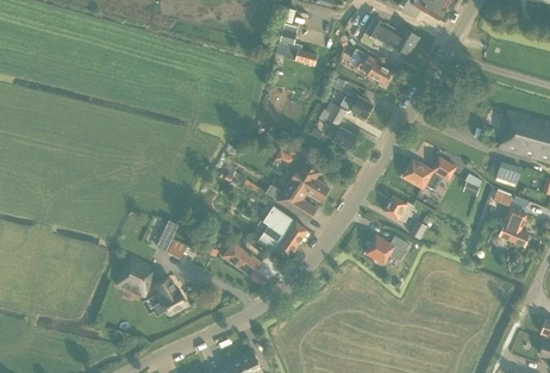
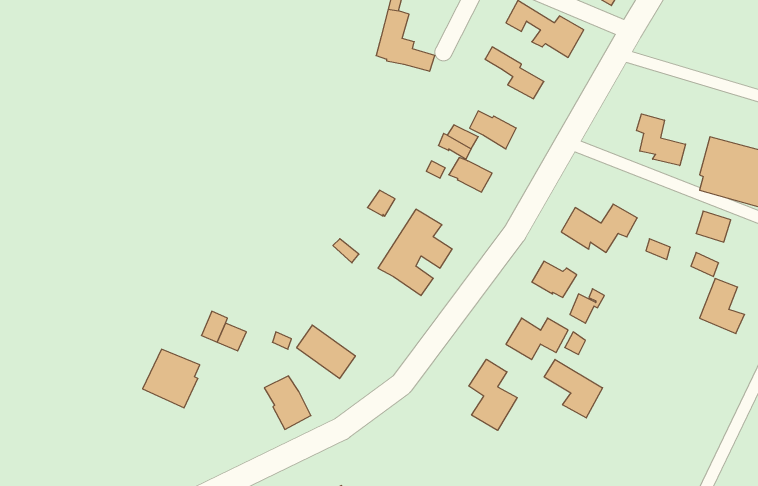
building: none -> [637,114,686,166]
building: [261,206,308,260] -> none
building: none -> [469,359,517,430]
building: none -> [544,359,603,418]
building: [155,278,187,315] -> [264,376,311,429]

